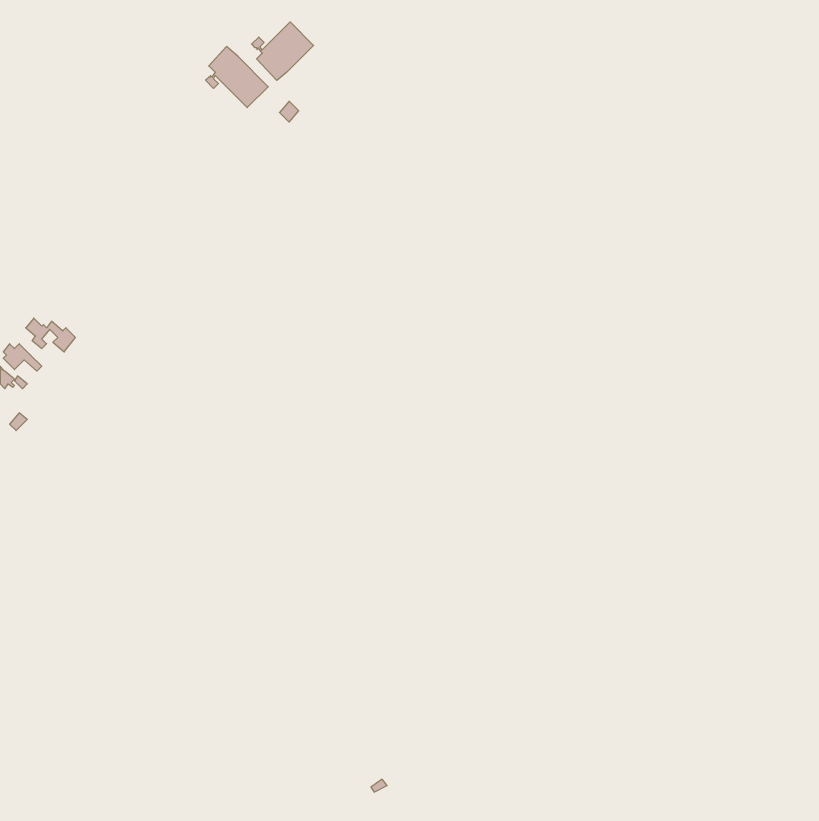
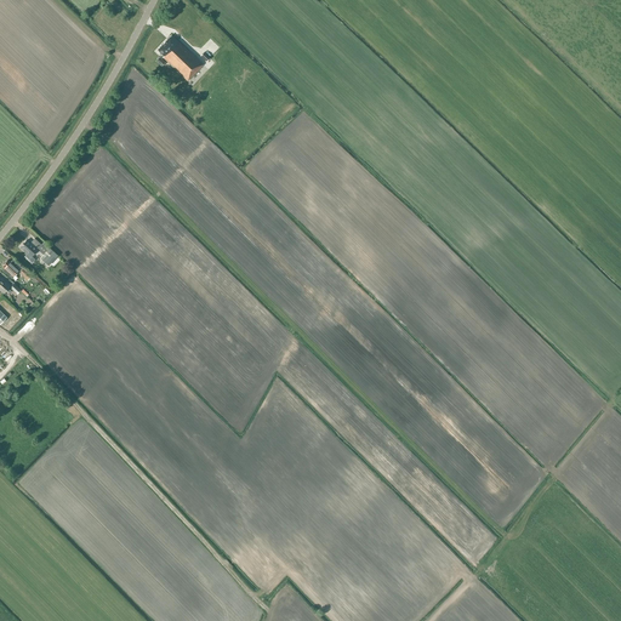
building: [252,22,314,80] -> none

